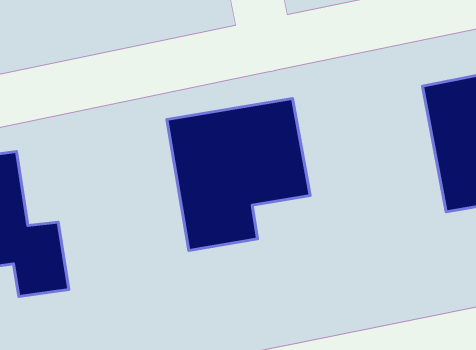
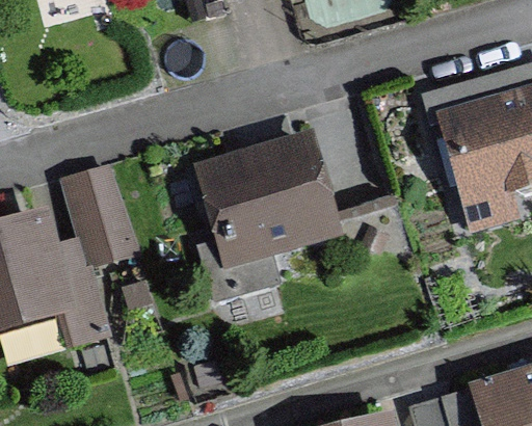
building: none -> [68,166,140,265]

